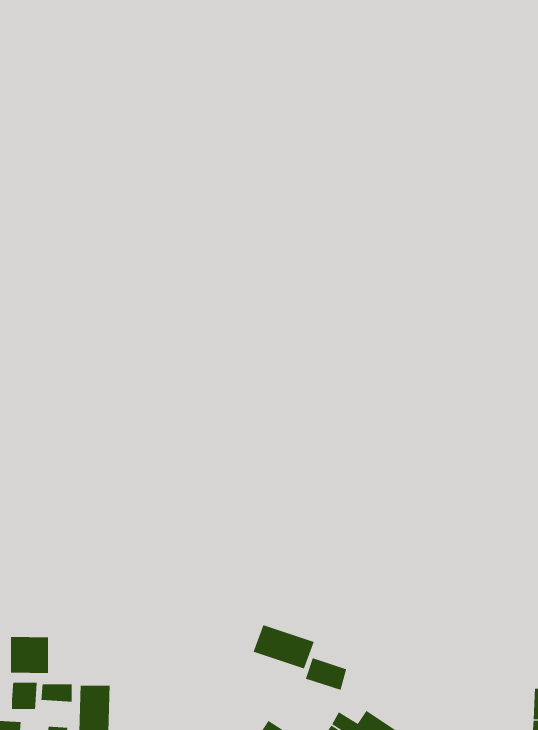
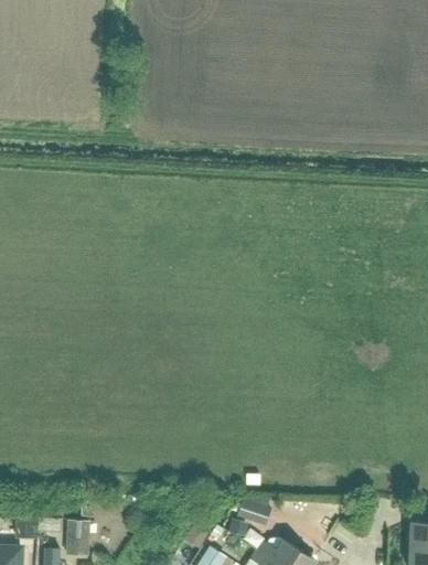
building: [252,624,315,669] -> none
building: [10,636,49,674] -> none

